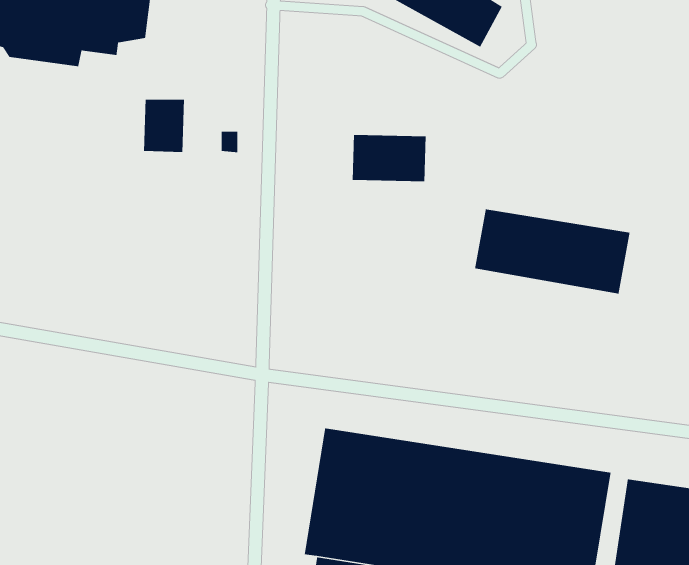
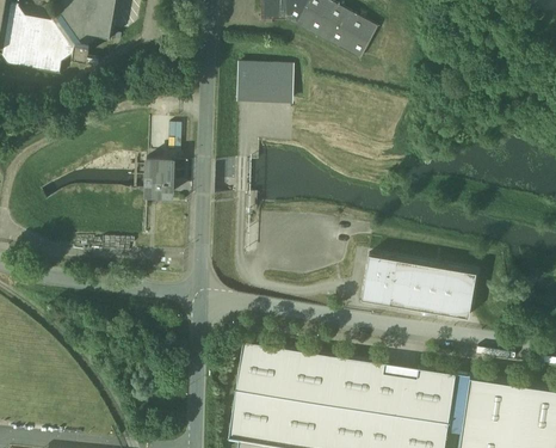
building: [143,99,185,153] -> [142,155,173,196]
building: [352,134,427,182] -> [236,63,292,99]
building: [474,208,630,294] -> [363,256,480,320]

